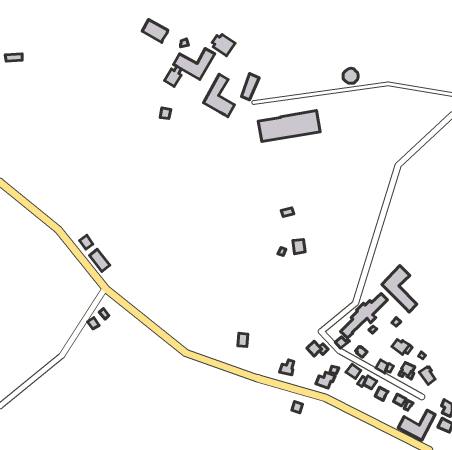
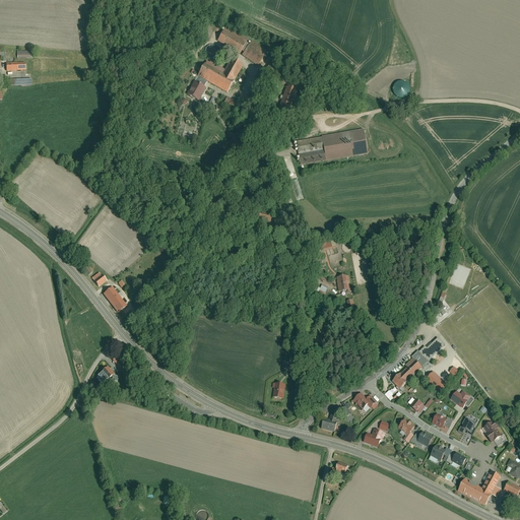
building: [142,20,168,43] -> [220,25,250,52]
building: [203,74,235,117] -> none
building: [382,265,417,312] -> none

